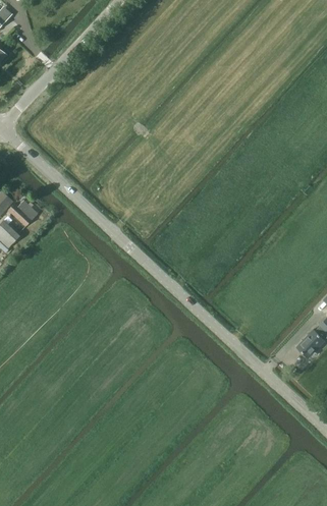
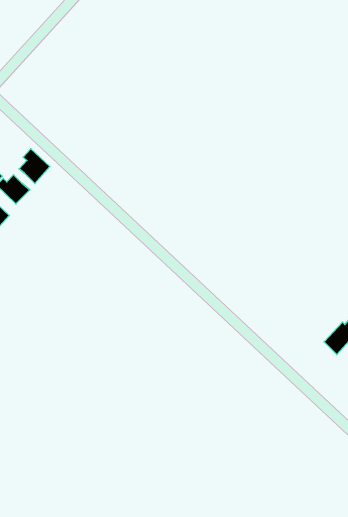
building: none -> [19,149,50,184]

